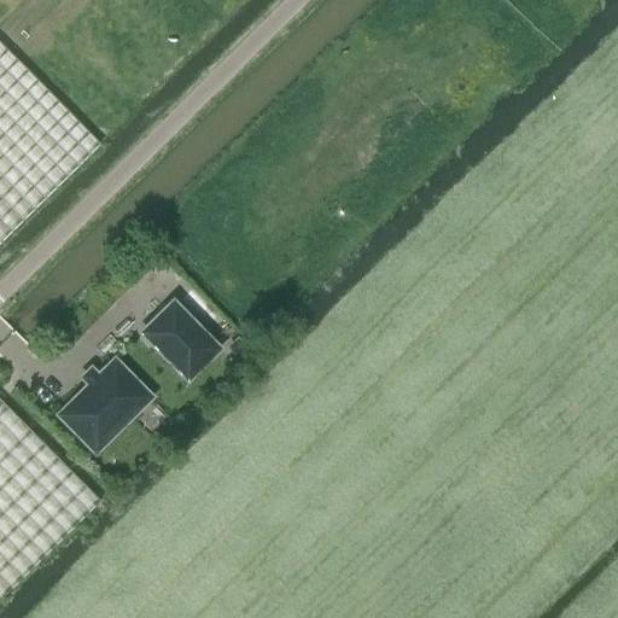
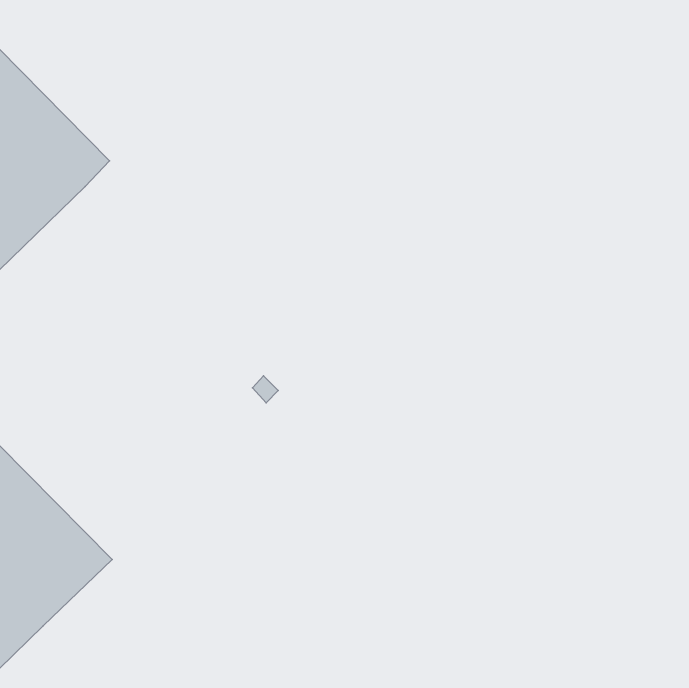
building: [140,301,218,379] -> none
building: [58,360,150,451] -> none

